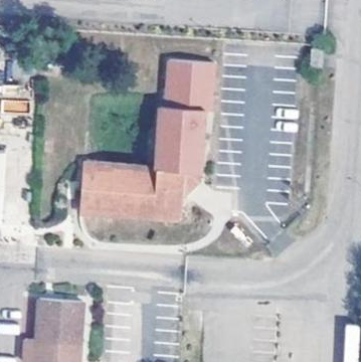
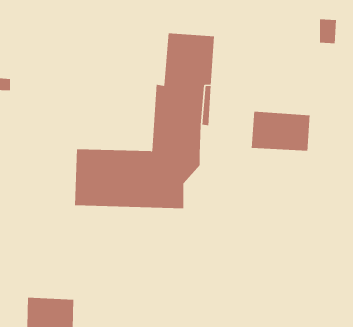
building: none -> [251,111,310,151]

